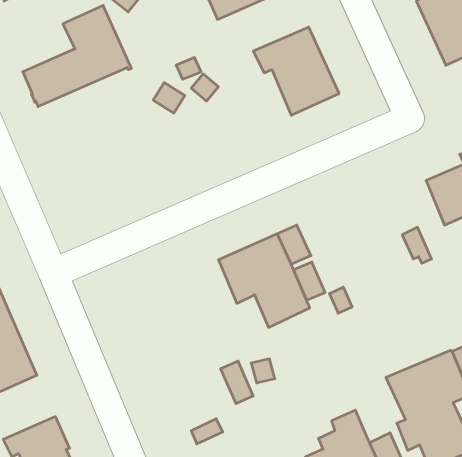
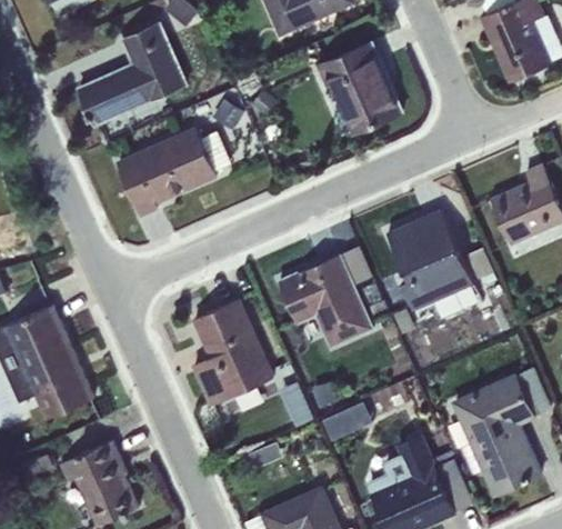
building: none -> [118,128,231,213]
building: none -> [387,209,474,311]
building: none -> [193,298,272,405]
building: none -> [322,401,373,441]

